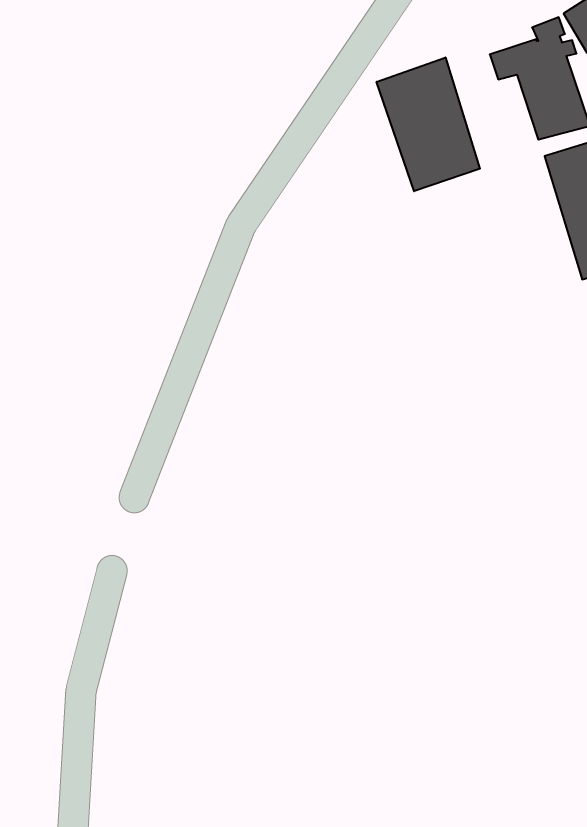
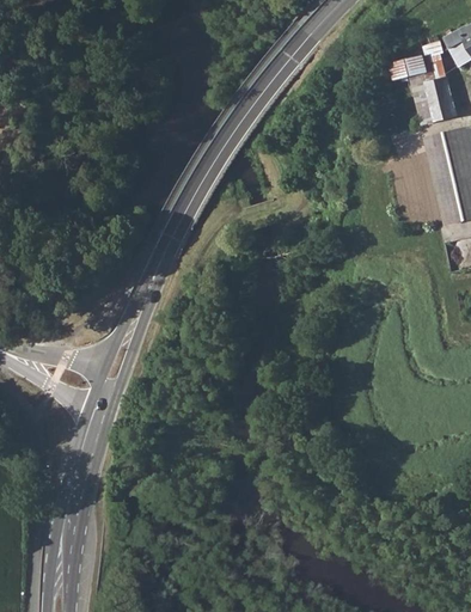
building: [377,57,480,191] -> none

